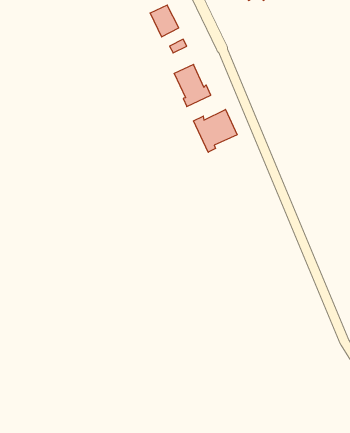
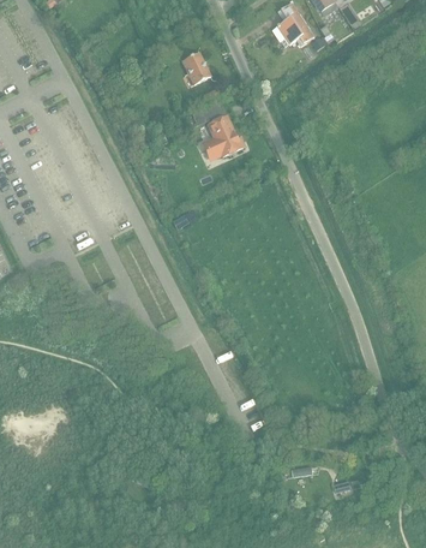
building: [194,109,237,152] -> none

